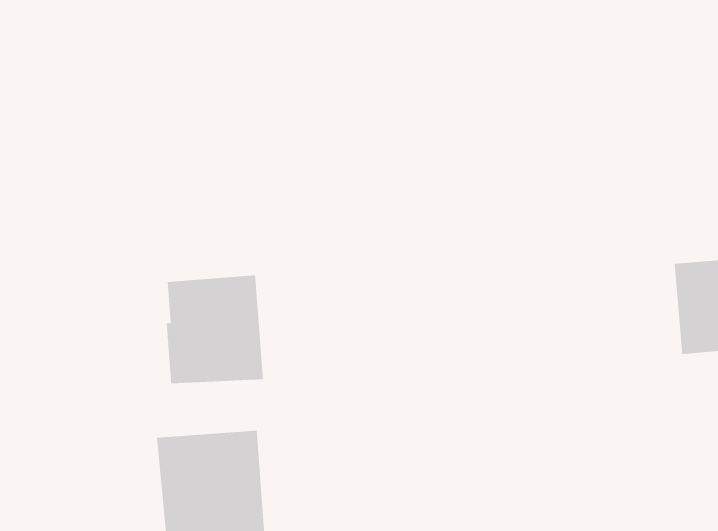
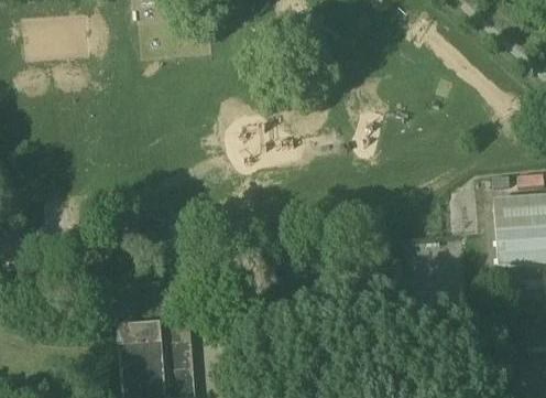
building: [166,275,263,384] -> none

